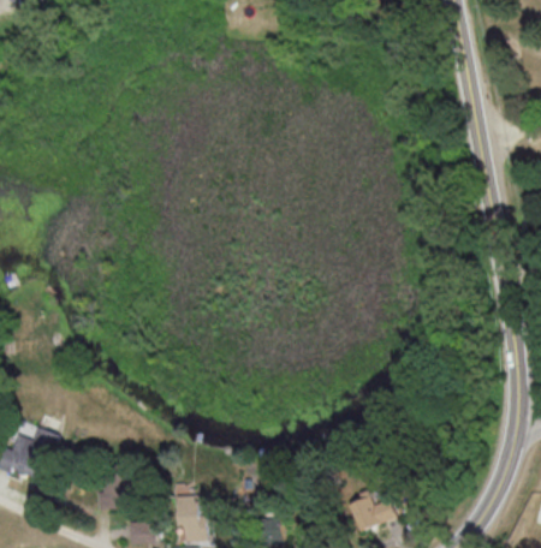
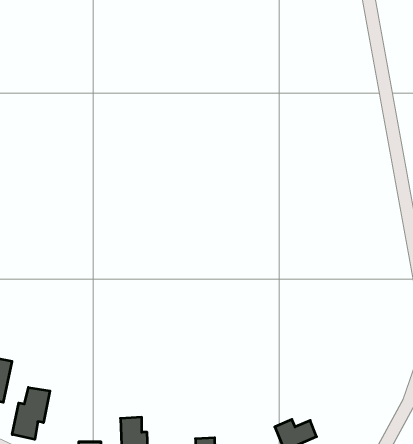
building: none -> [12,387,50,439]

